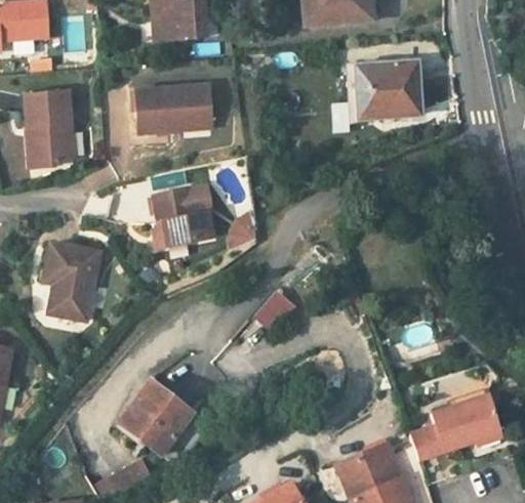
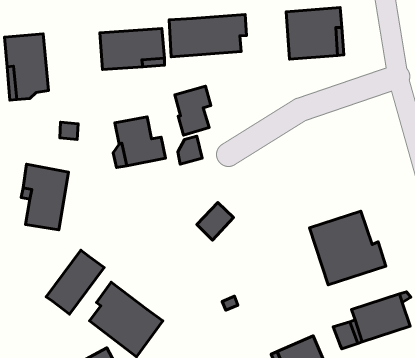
building: none -> [169,14,246,57]
building: none -> [175,86,211,135]
building: none -> [310,211,386,285]
building: none -> [46,250,104,314]

